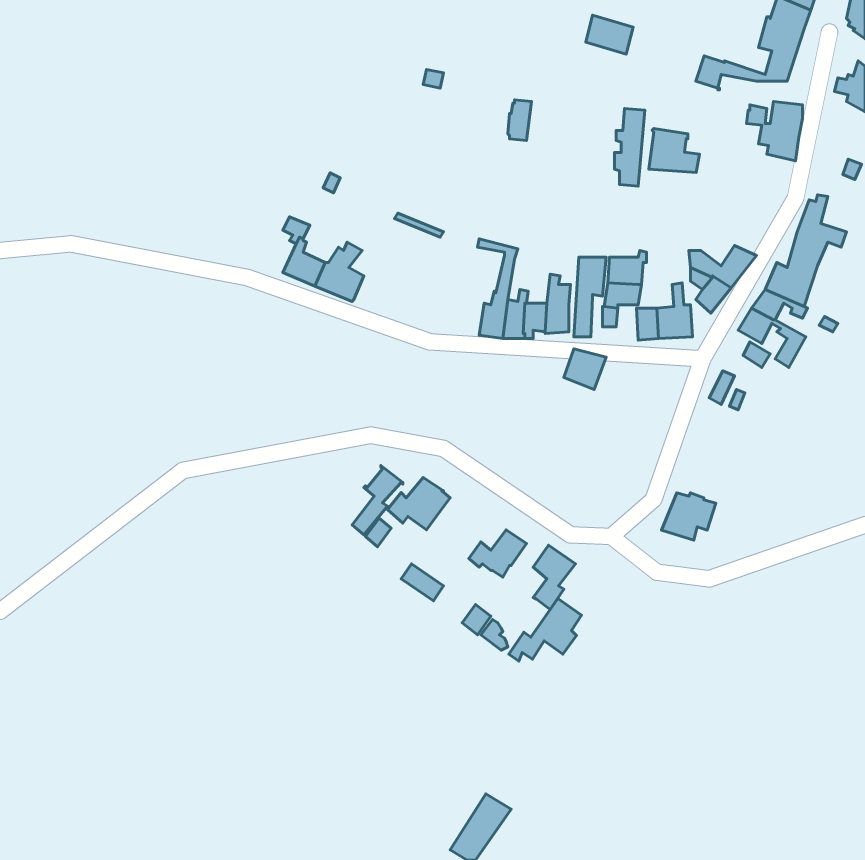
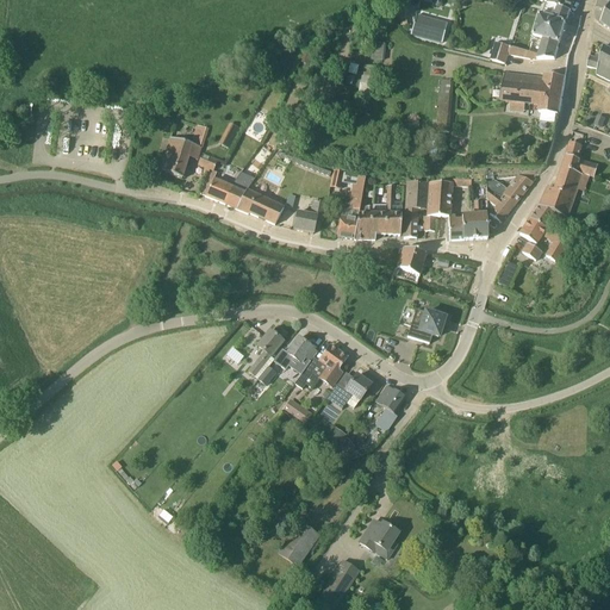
building: [649,129,700,173] -> [500,70,536,101]
building: none -> [162,123,207,176]
building: none -> [249,194,284,223]
building: none -> [293,198,326,231]
building: [662,493,716,540] -> [406,309,444,342]
building: [509,598,582,661] -> [295,343,347,387]
building: none -> [278,519,319,565]
building: none -> [360,521,398,559]

